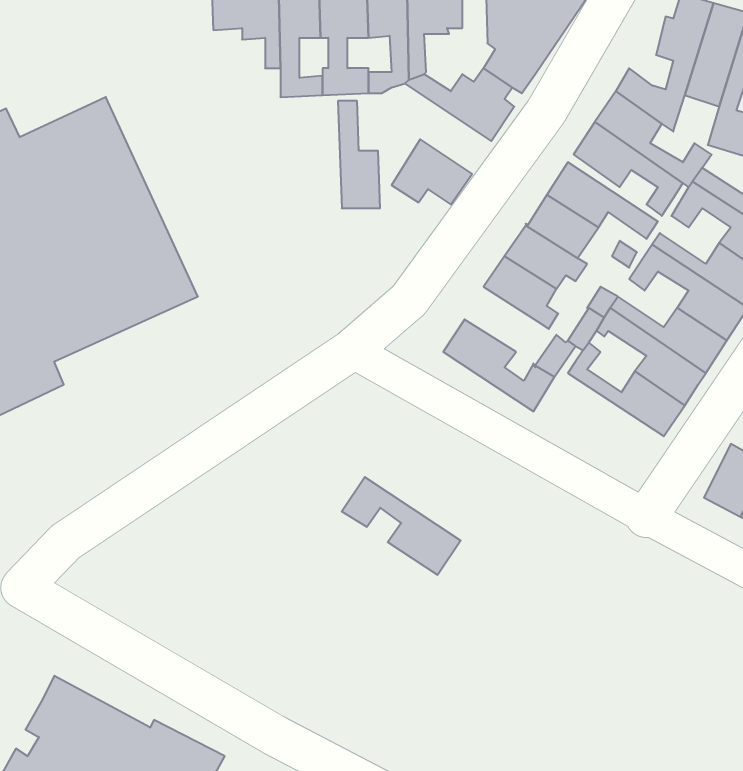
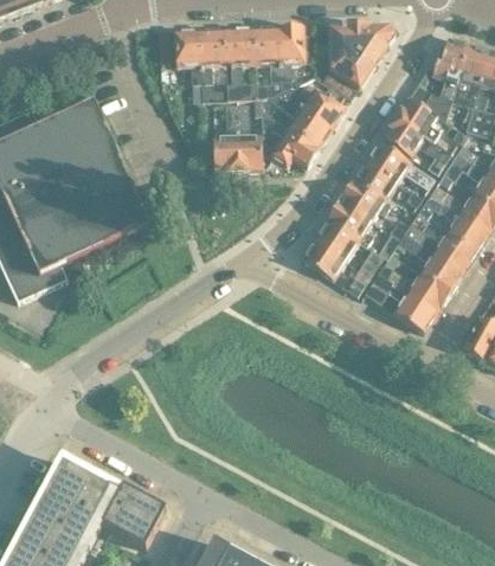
building: none -> [261,92,332,148]
building: none -> [214,103,239,171]
building: none -> [315,218,360,258]
building: [342,477,461,575] -> [365,271,438,332]

